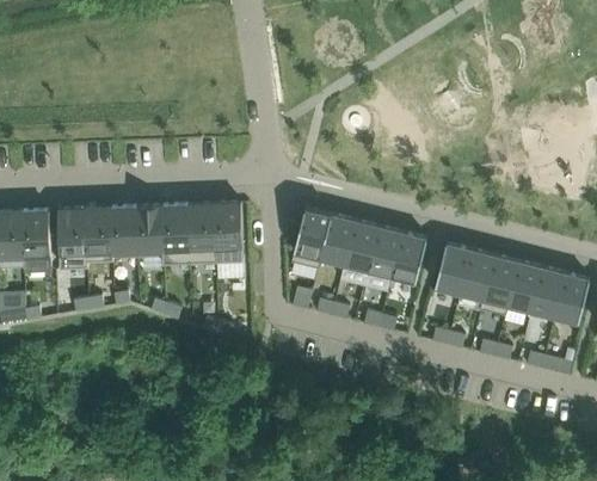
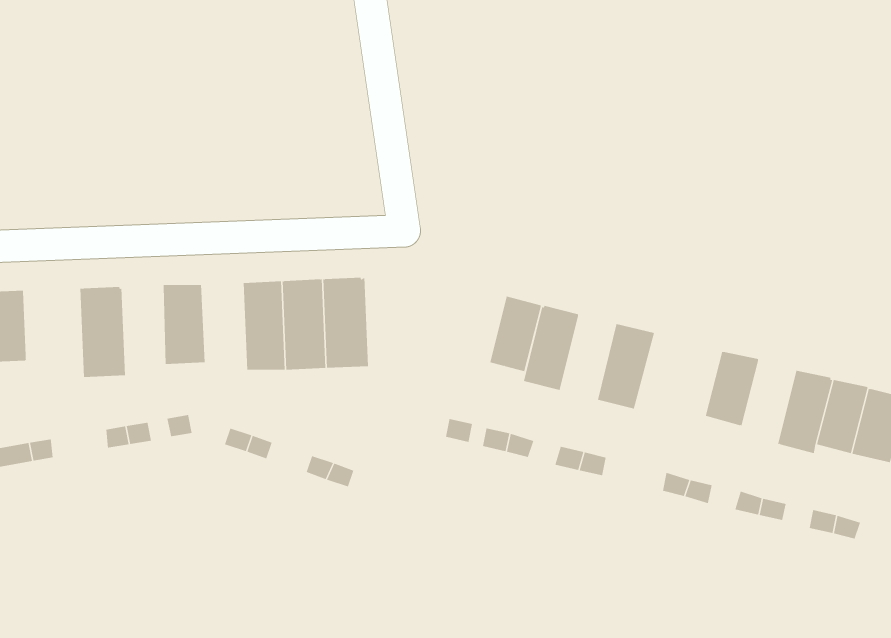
building: [136,205,165,261] -> none
building: [85,206,112,265] -> none
building: [290,208,332,269] -> none
building: [21,209,51,267] -> none
building: [367,226,402,280] -> none
building: [433,242,470,297] -> none
building: [480,255,518,315] -> none

